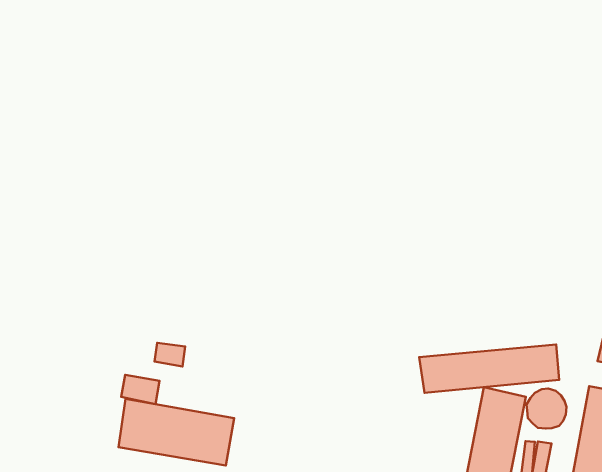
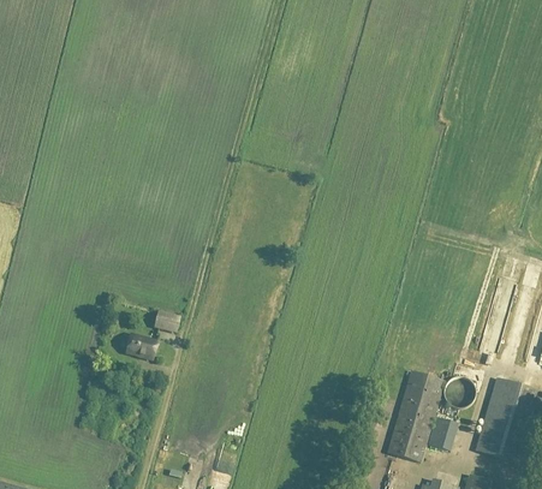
building: [419,345,559,393] -> none
building: [118,399,234,466] -> none

